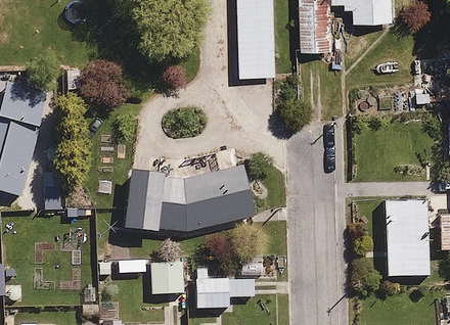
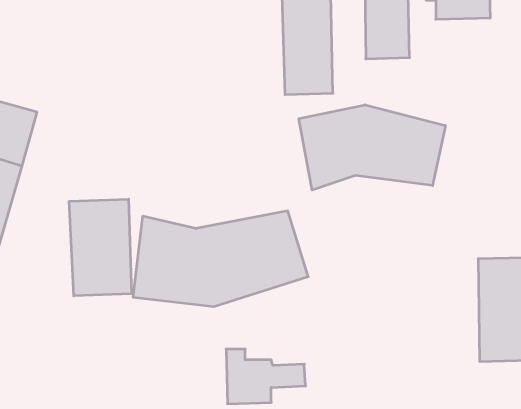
building: none -> [299,105,445,190]
building: none -> [69,199,132,296]
building: [148,260,185,293] -> none

